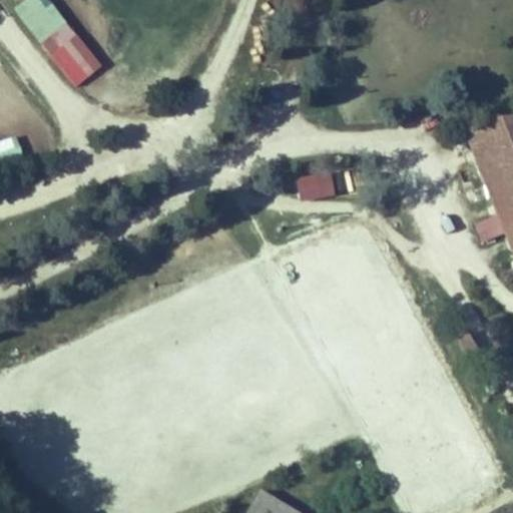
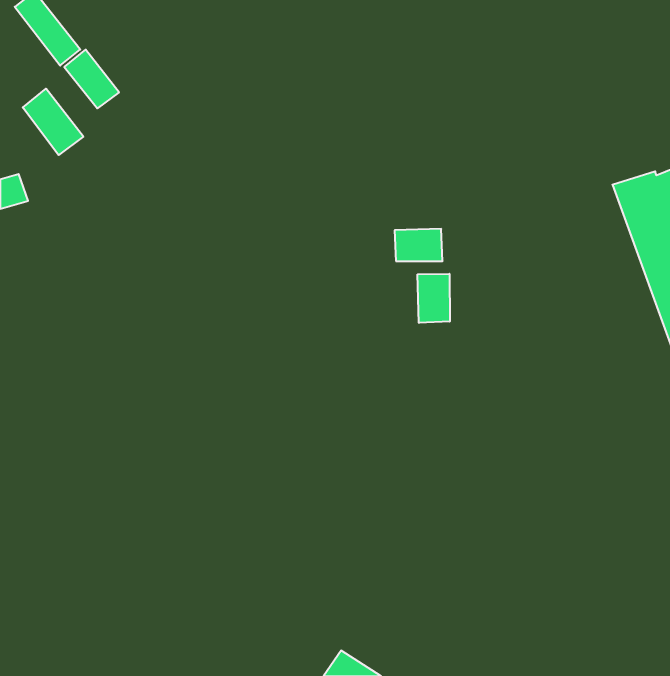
building: none -> [23,89,83,155]
building: none -> [418,274,450,323]

